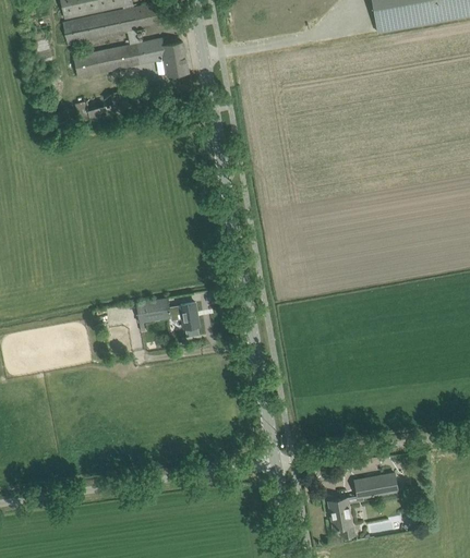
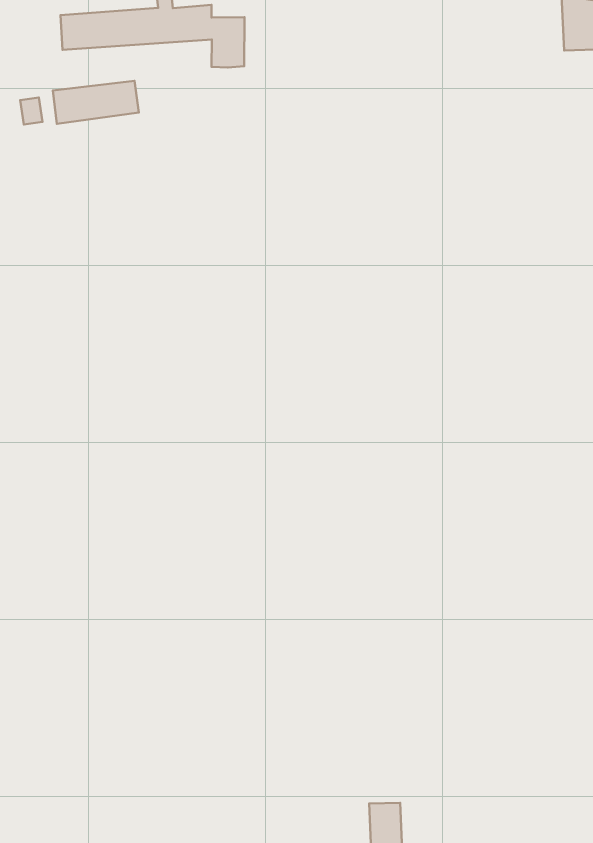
building: [136,298,200,328] -> none
building: [354,472,398,498] -> none

